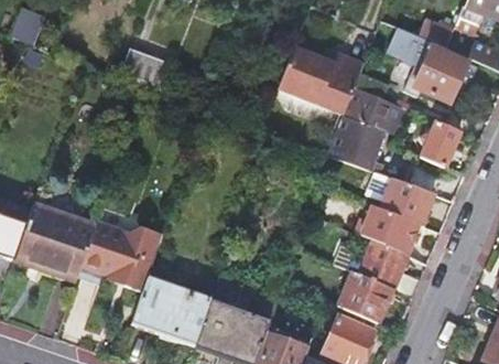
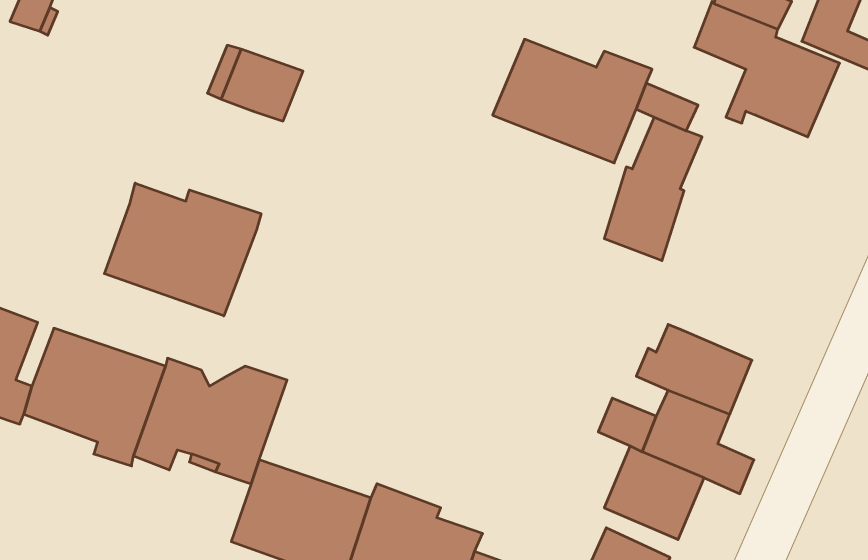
building: [421,120,460,167] -> none
building: none -> [104,183,261,316]
building: [380,178,433,224] -> none

